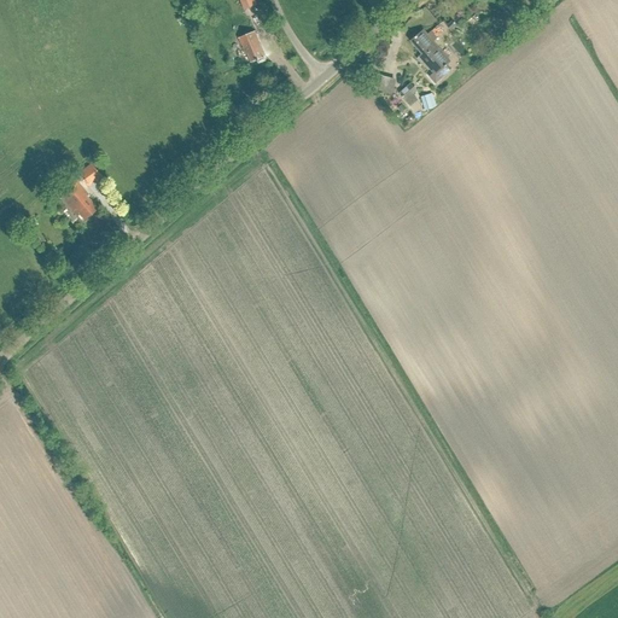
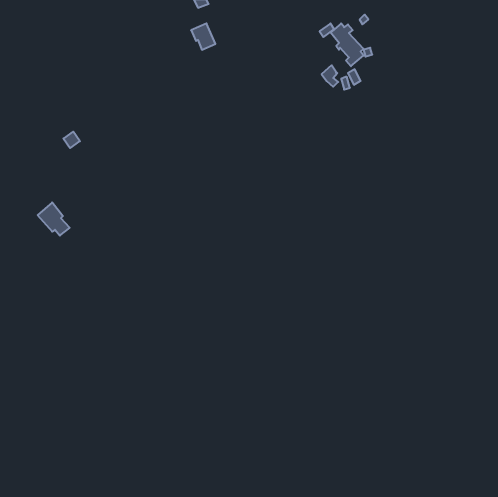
building: [57,179,97,220] -> [38,202,70,236]

